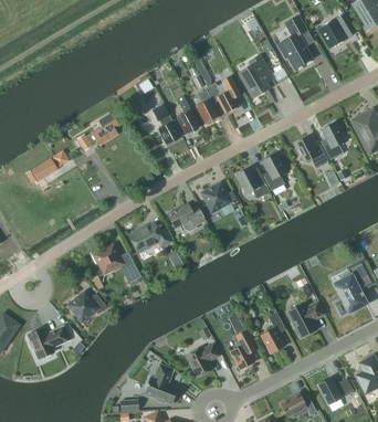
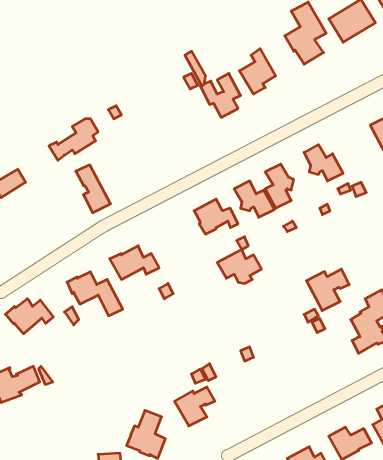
building: [195,89,219,125] -> none
building: [176,96,200,135] -> none
building: [151,104,181,145] -> [76,165,111,213]
building: [319,123,346,160] -> none
building: [167,203,204,232] -> [217,250,261,283]
building: [66,292,107,321] -> [5,299,53,334]
building: [287,302,324,337] -> [306,269,349,311]
building: [261,313,285,354] -> none
building: [230,330,255,369] -> none

